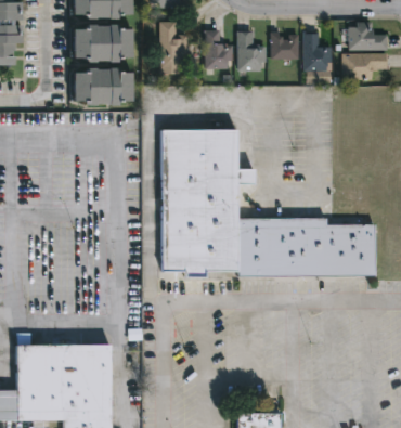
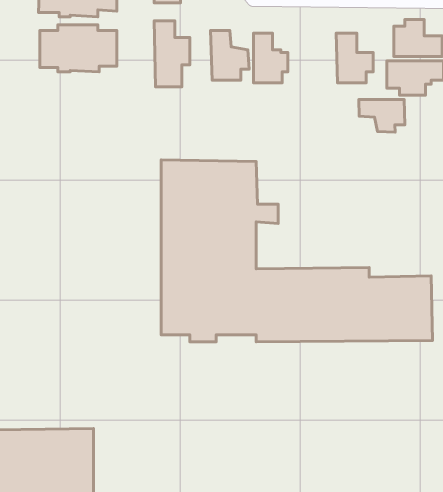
building: [271,31,299,60] -> none
building: [69,67,130,105] -> none
building: none -> [359,99,405,132]

